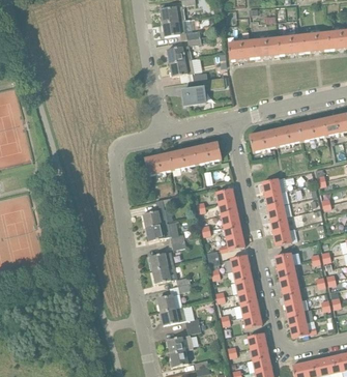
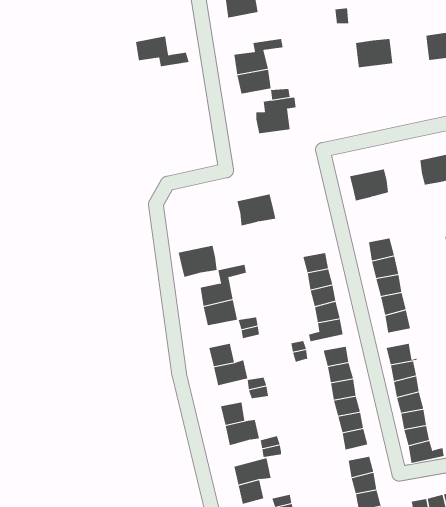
building: [163,19,201,40] -> [135,36,189,67]
building: [278,35,305,55] -> none
building: [228,40,255,60] -> none
building: [273,123,301,146] -> none
building: [193,142,222,165] -> none
building: [144,152,172,175] -> [178,245,217,277]

